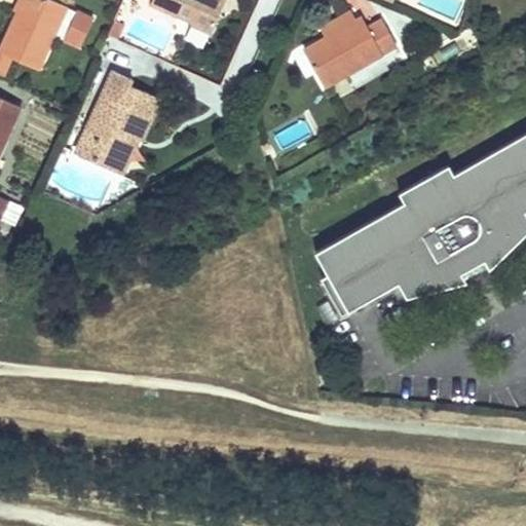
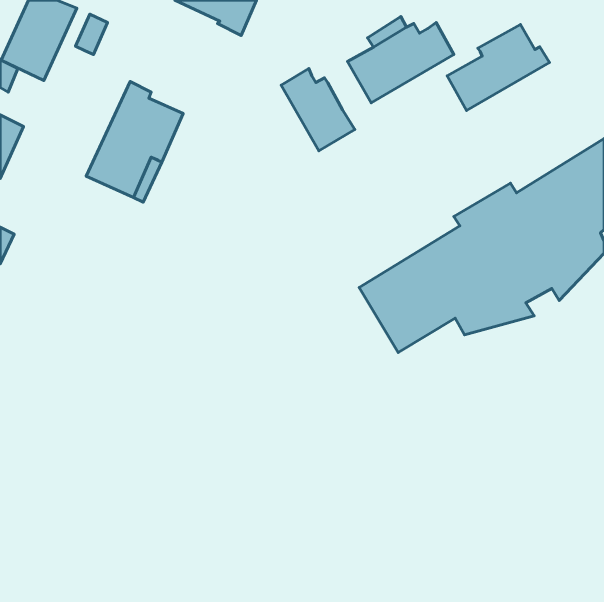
building: none -> [447,24,550,111]
building: none -> [281,69,355,151]

